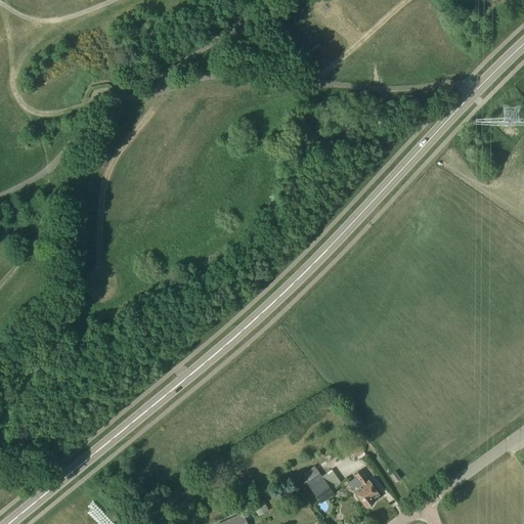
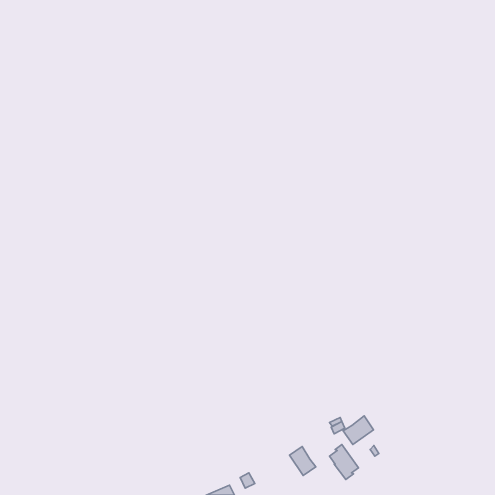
building: none -> [343,416,373,444]

